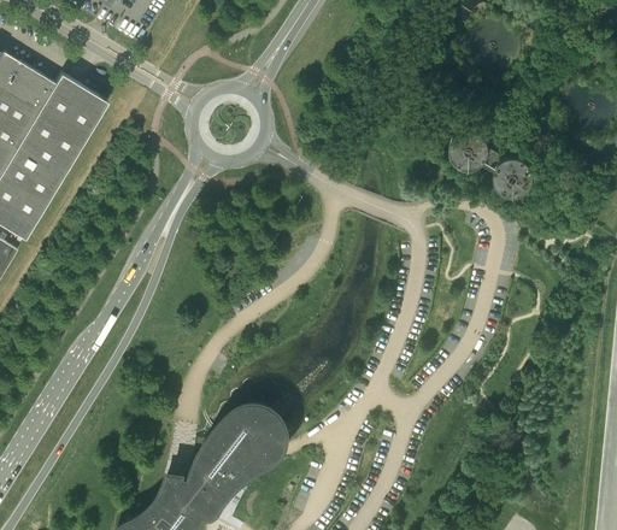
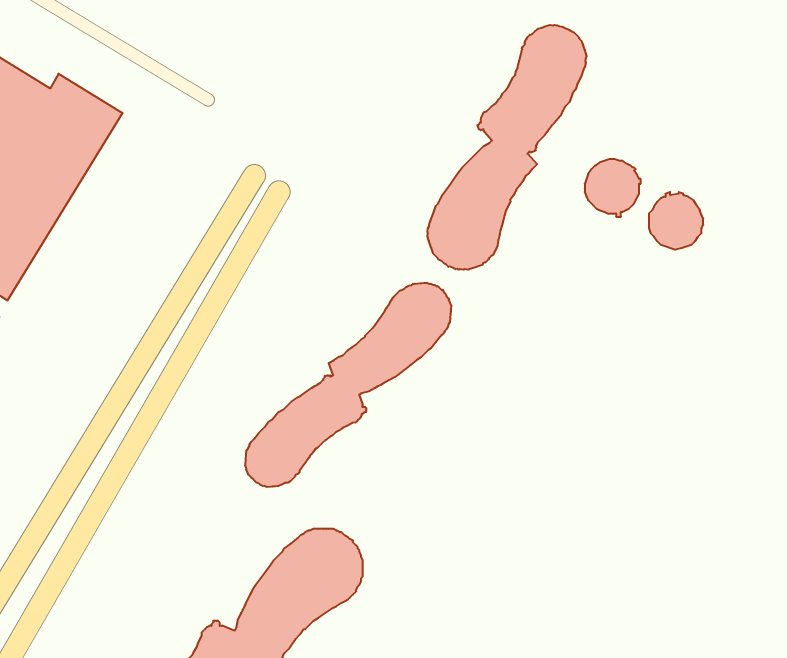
building: none -> [428,25,587,270]
building: none -> [245,283,451,487]

